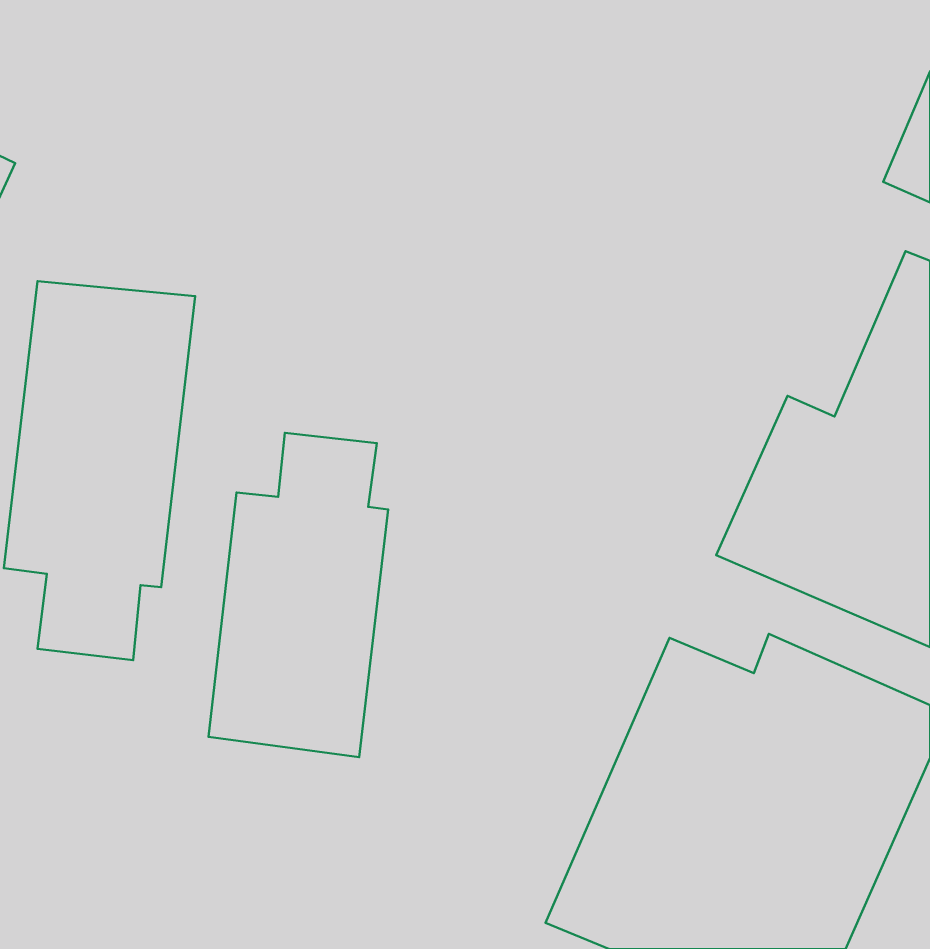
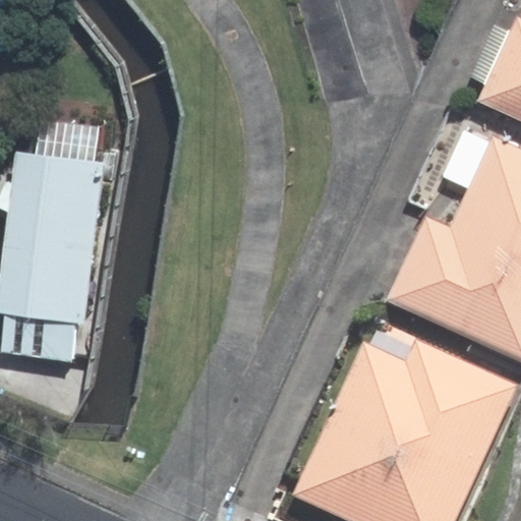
building: [208,433,388,757] -> none

